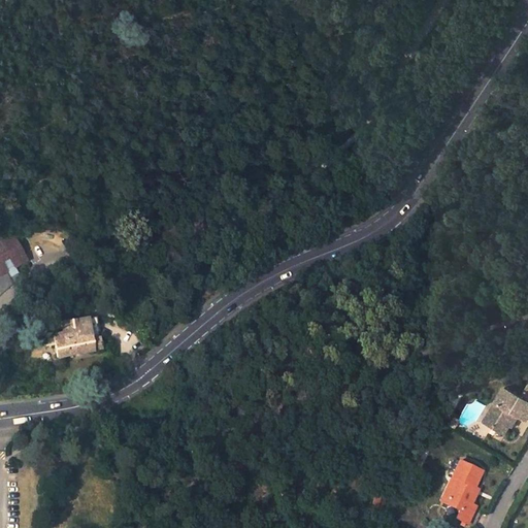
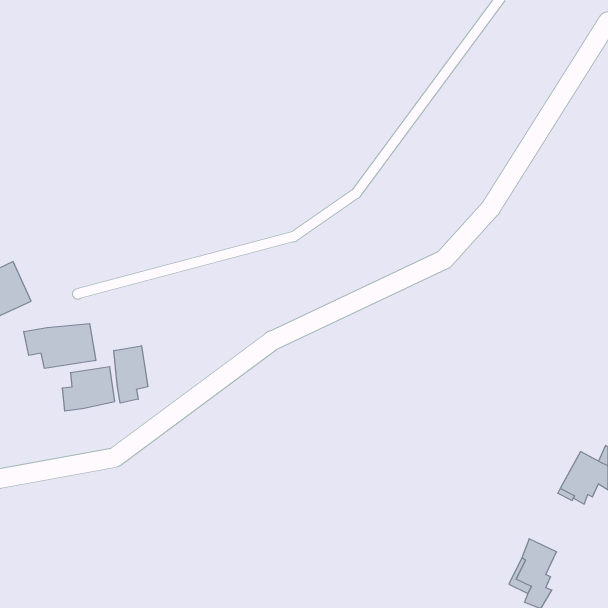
building: none -> [24,324,96,368]
building: none -> [114,346,148,403]

